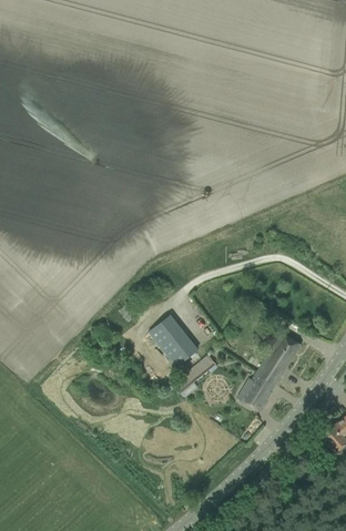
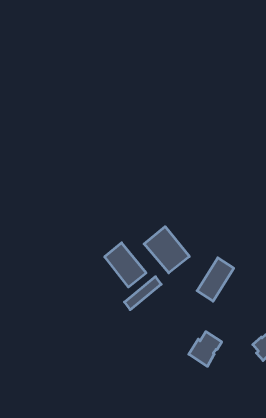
building: none -> [144,227,189,273]
building: [238,370,277,411] -> [189,332,222,366]

